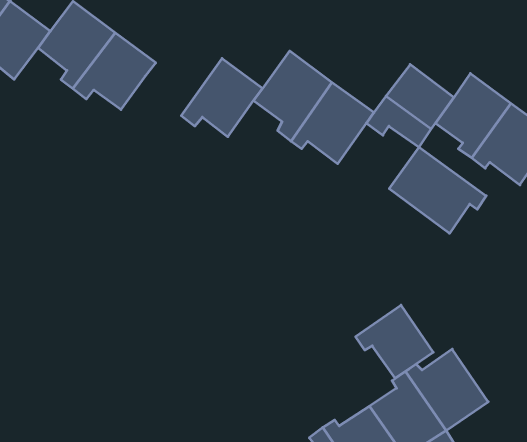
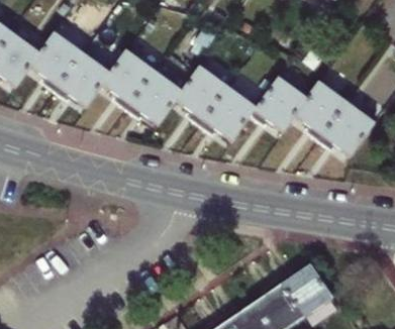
building: none -> [101,50,153,109]
building: [389,147,486,233] -> none
building: [356,305,433,378] -> none

